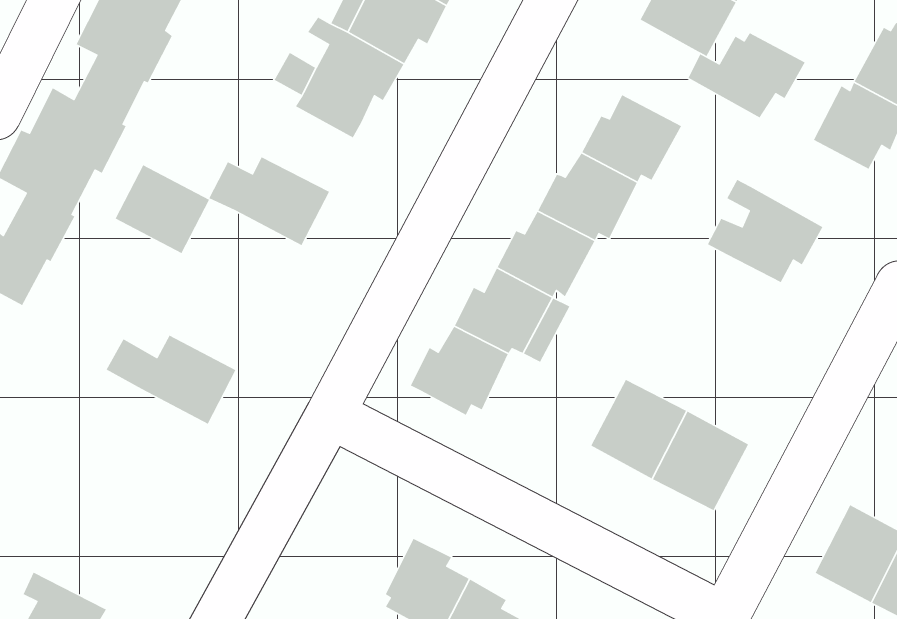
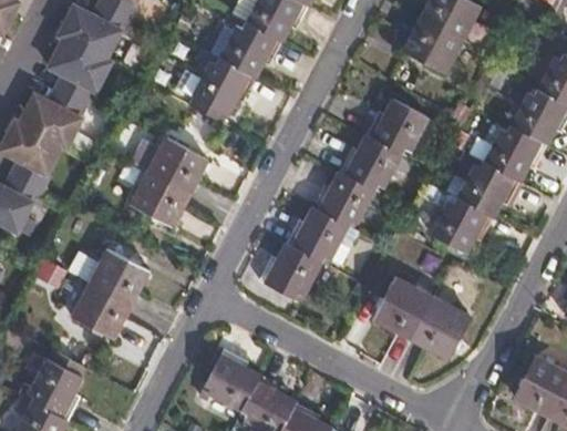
building: [687,32,806,119] -> [472,126,546,181]
building: [115,164,210,254] -> [131,171,190,227]
building: none -> [430,198,491,253]
building: none -> [72,283,132,338]
building: none -> [204,348,260,411]
building: none -> [19,349,87,420]

